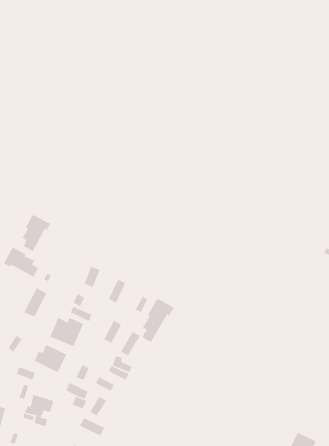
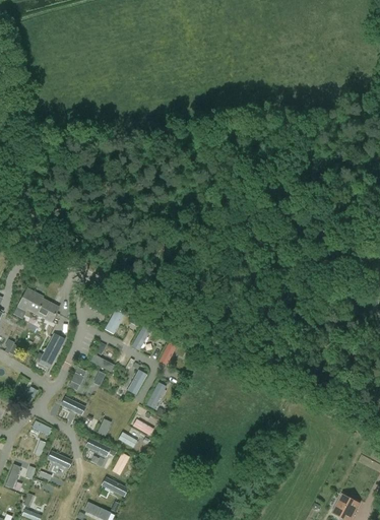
building: [22,214,51,252] -> none
building: [142,298,175,343] -> none

